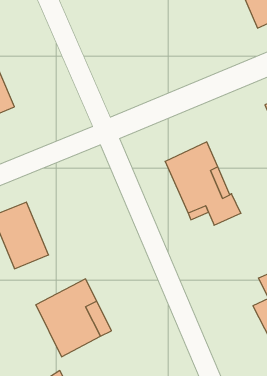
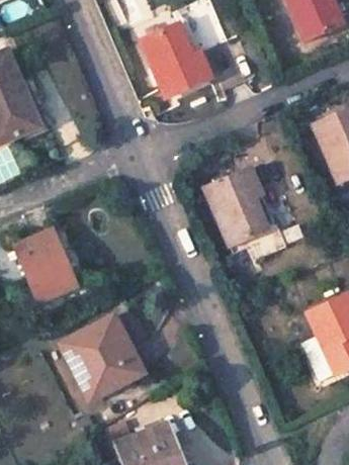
building: none -> [141,23,212,97]

